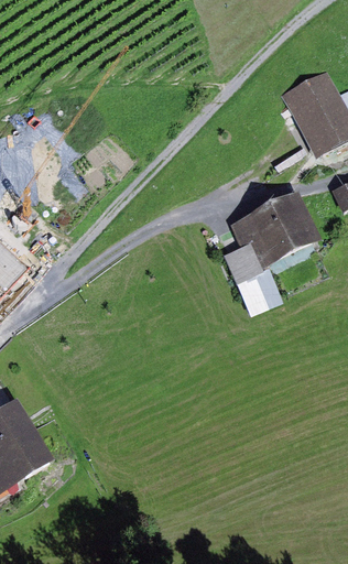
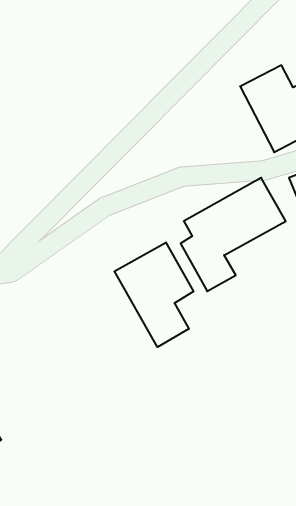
building: none -> [114,242,193,347]

